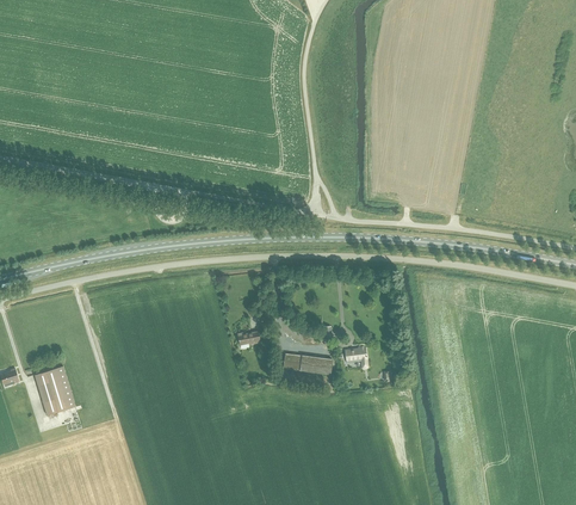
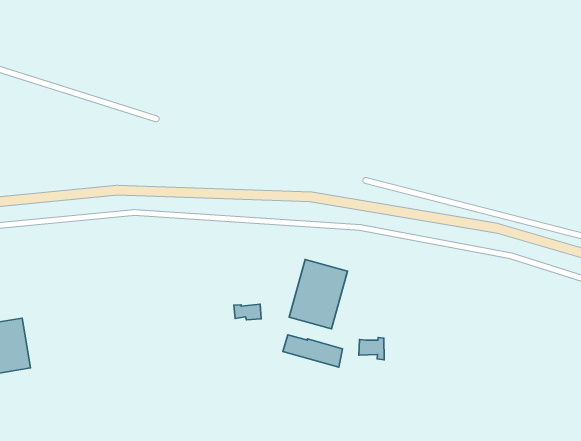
building: none -> [289,259,347,329]

